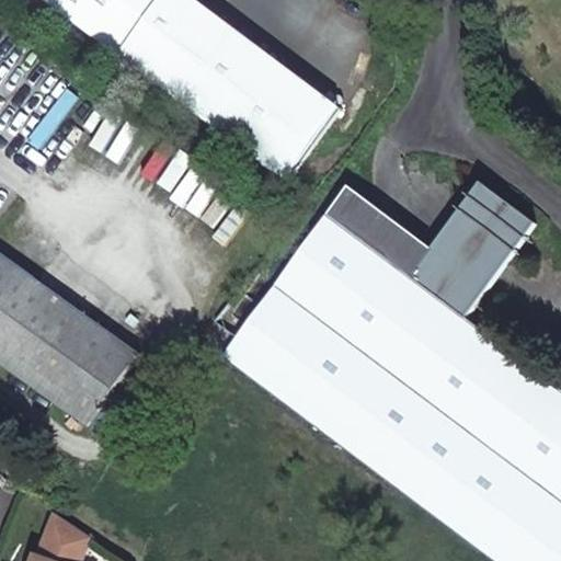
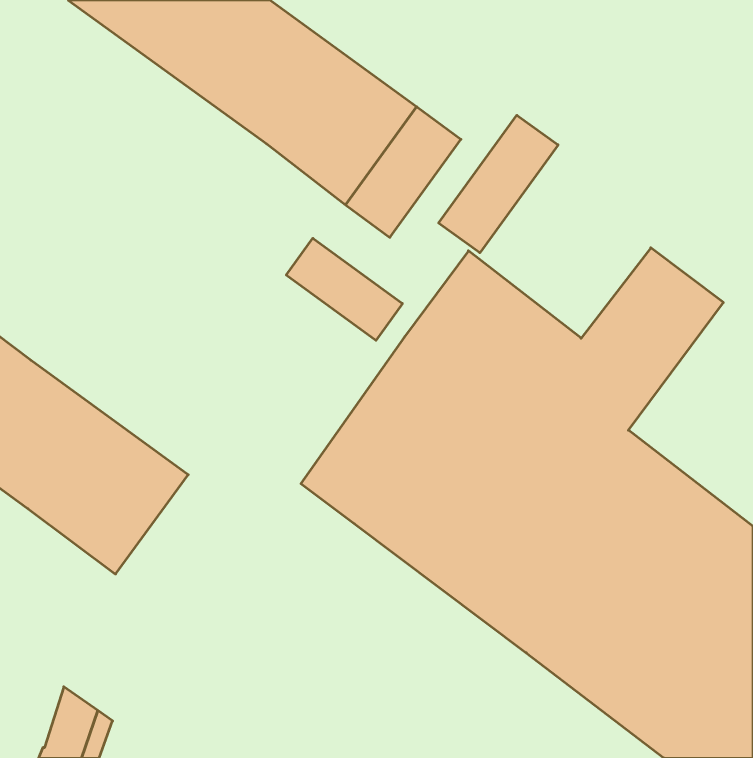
building: none -> [439,115,558,253]
building: none -> [286,238,402,340]

